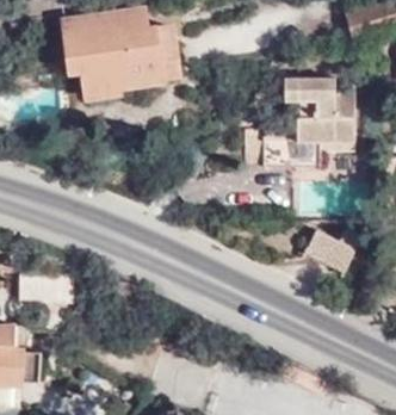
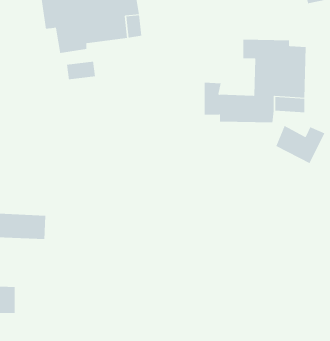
building: [305,239,359,280] -> [276,125,325,164]

